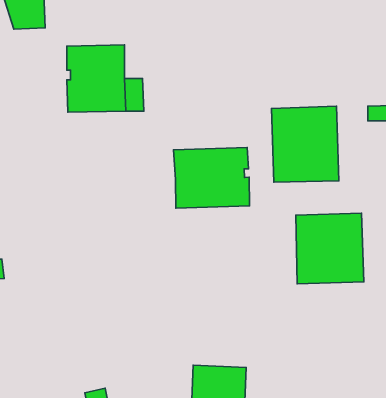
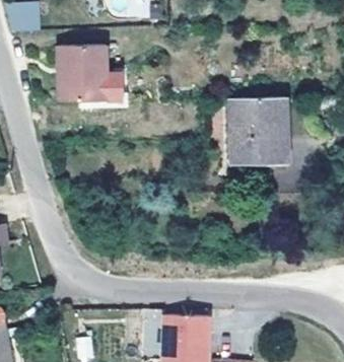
building: [174,148,249,208] -> none
building: [296,213,364,284] -> none

